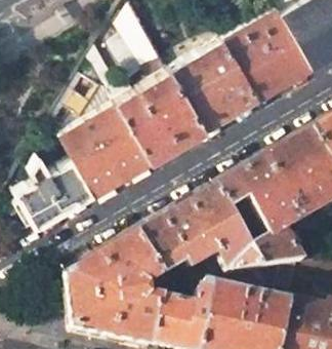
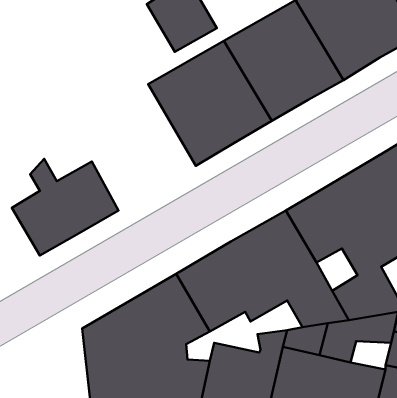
building: [60,94,150,187] -> none

